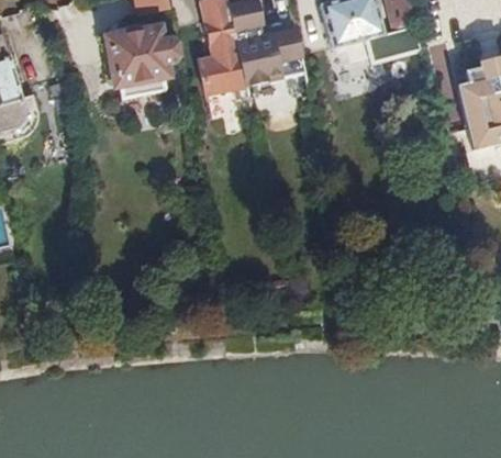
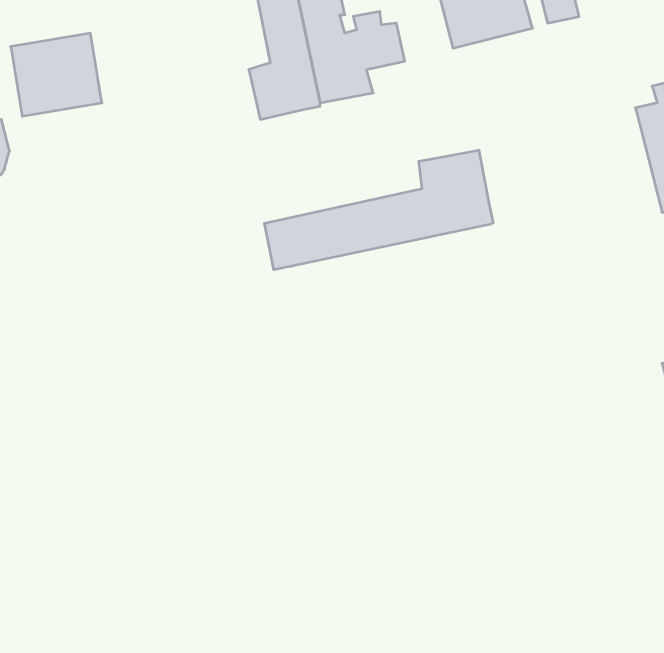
building: [105,27,166,82] -> [11,33,102,116]
building: none -> [264,150,493,270]

